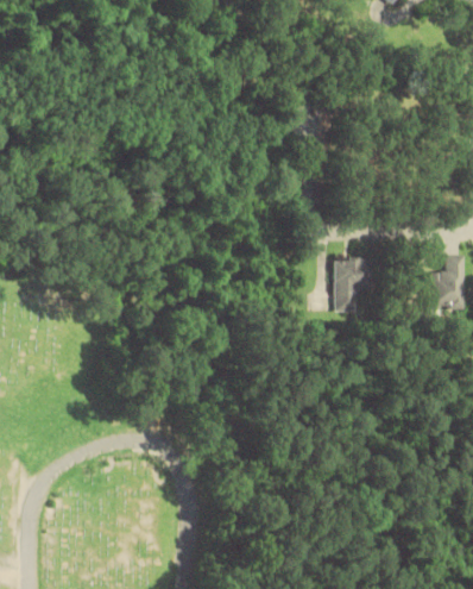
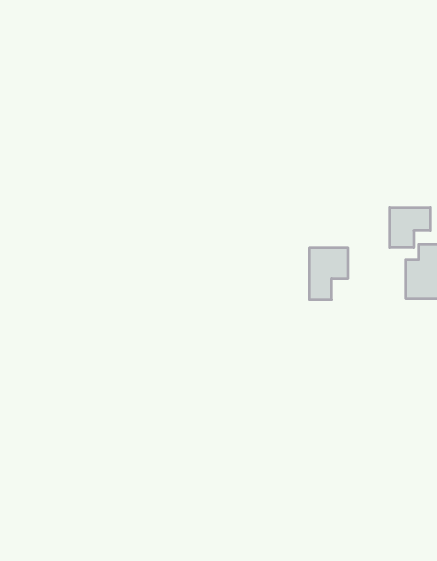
building: none -> [390,207,430,248]

